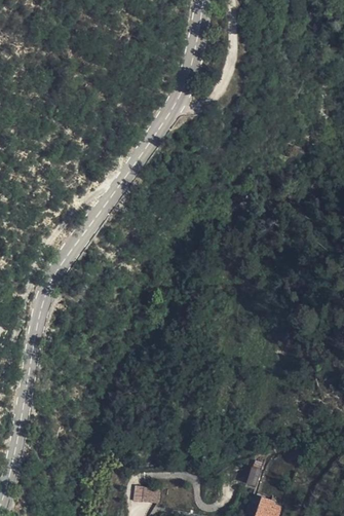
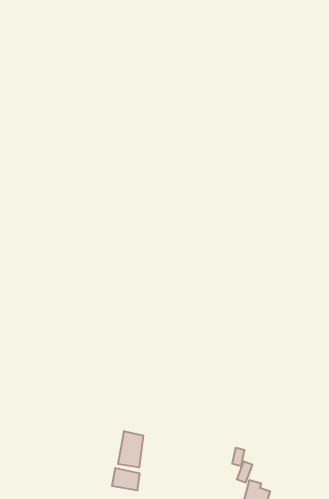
building: none -> [118,431,143,468]

